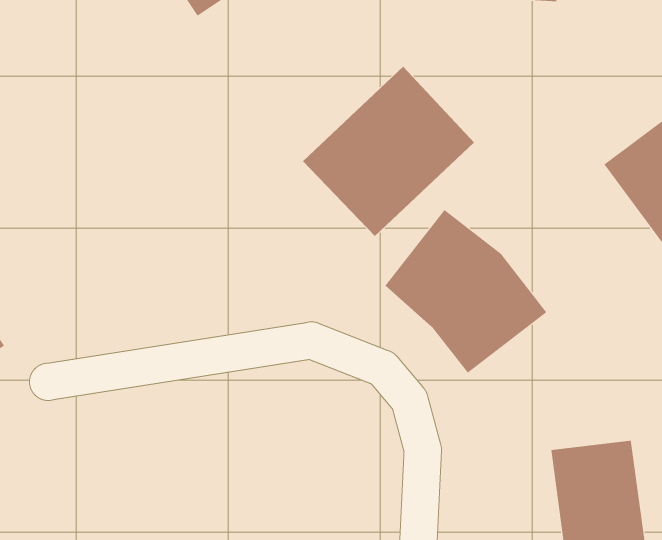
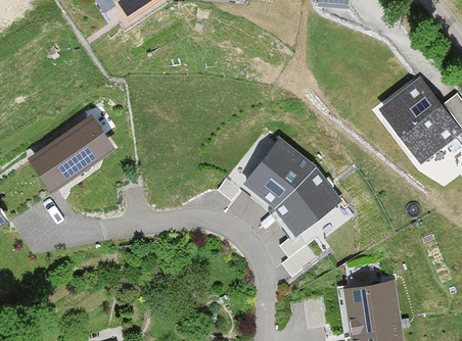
building: [302,66,475,237] -> none
building: none -> [29,114,114,191]

